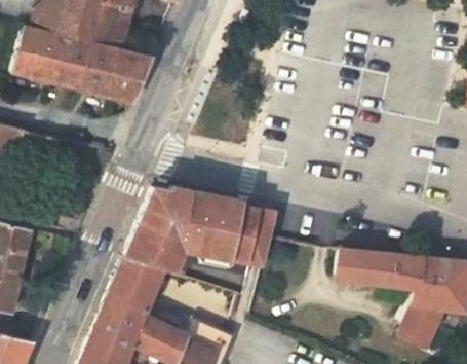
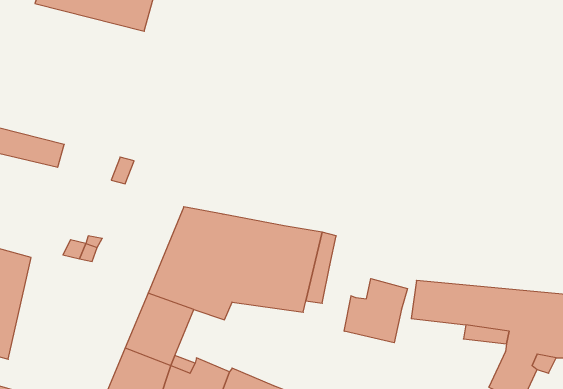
building: [11,26,151,102] -> none
building: none -> [344,279,407,343]

